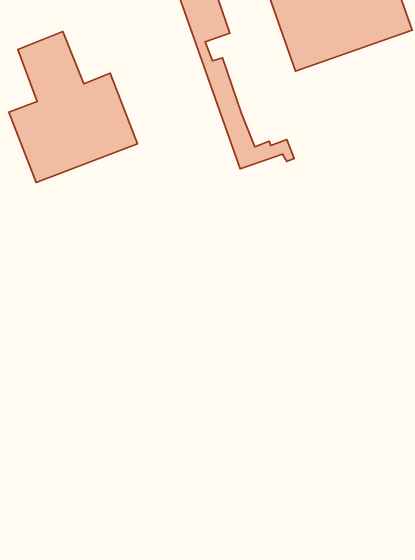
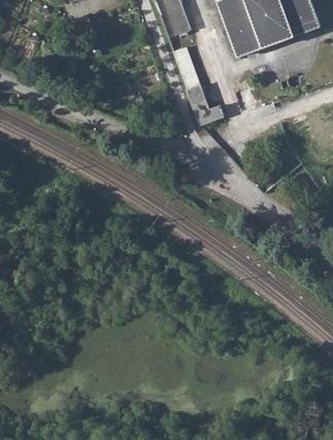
building: [9,31,137,183] -> none

